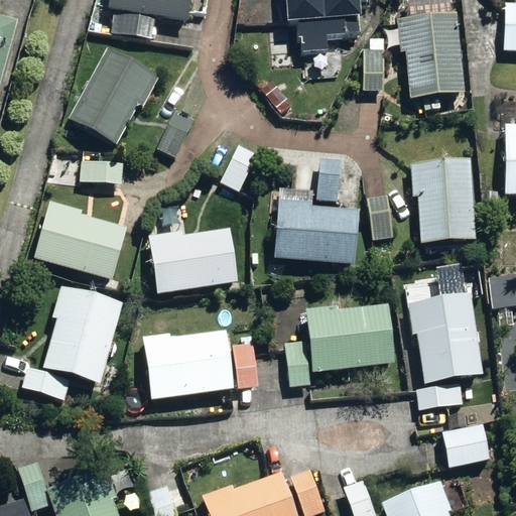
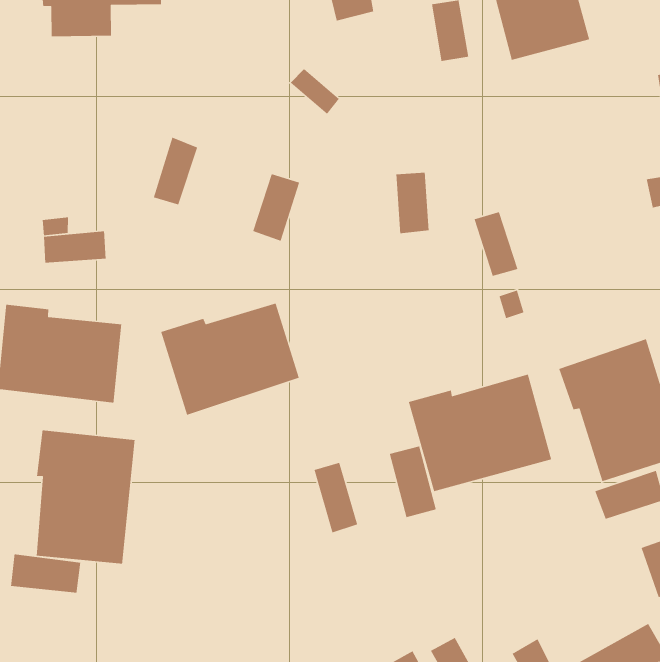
building: [68,47,157,145] -> none
building: [410,160,475,243] -> none
building: [274,198,359,265] -> none
building: [141,333,232,399] -> none

